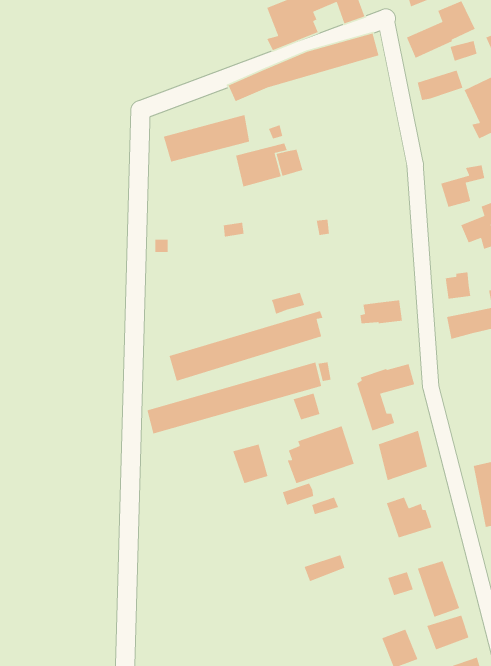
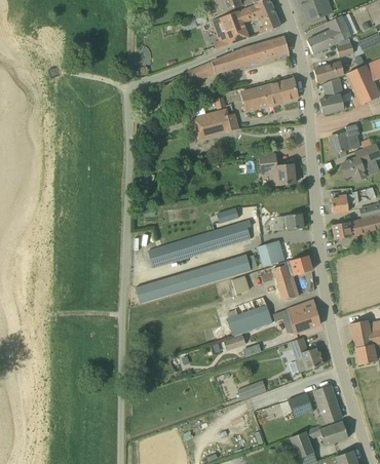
building: none -> [319,77,343,115]
building: [163,115,250,163] -> [240,79,298,111]
building: none -> [259,154,296,186]
building: none -> [258,240,286,266]
building: [232,443,269,484] -> none

